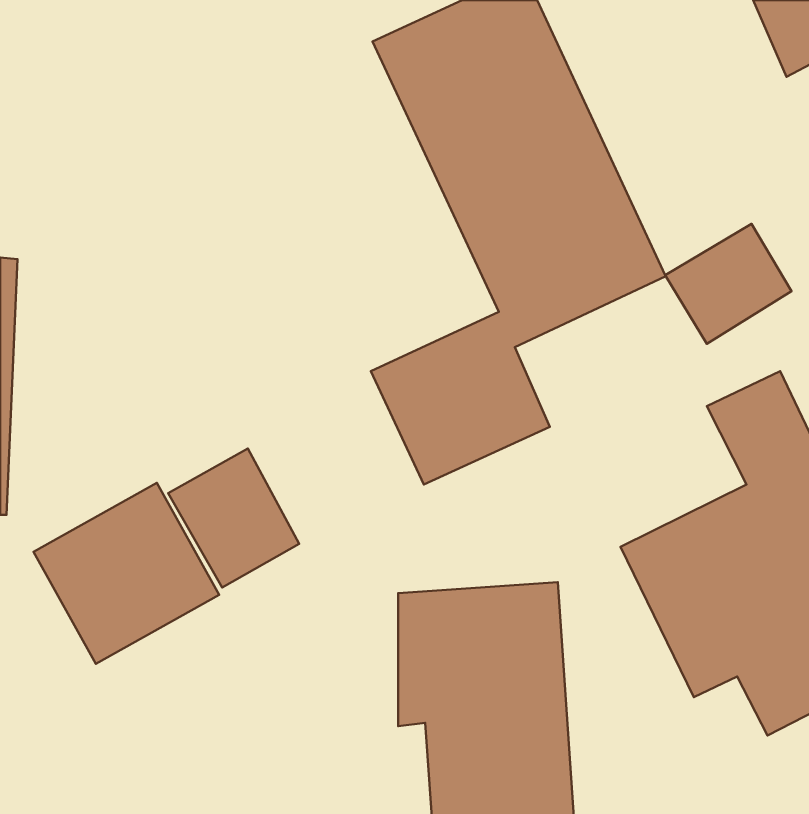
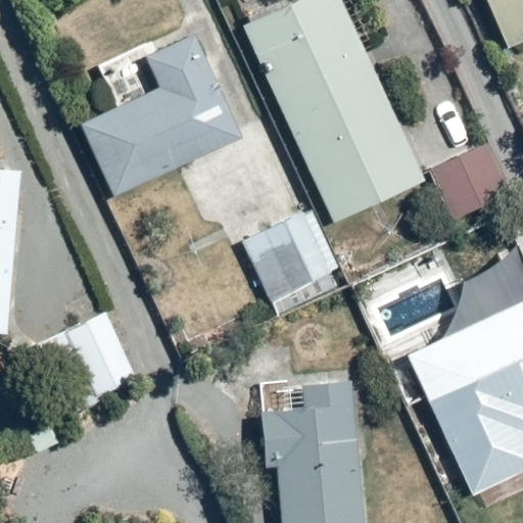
building: none -> [75,36,237,195]
building: [168,449,299,588] -> none

